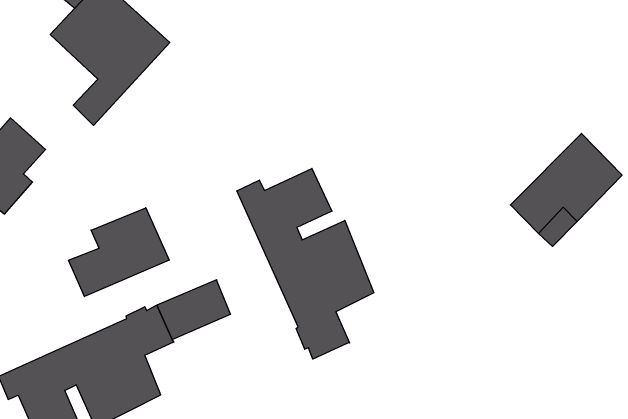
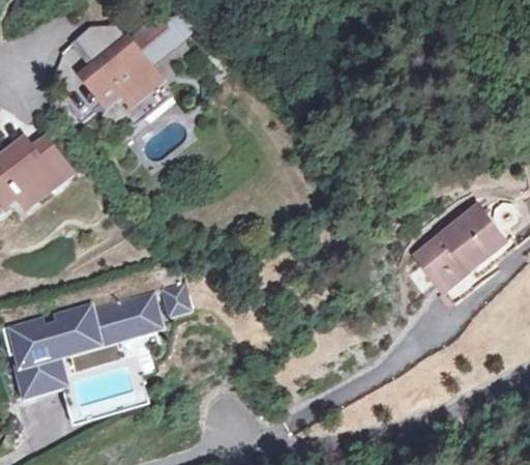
building: [237,168,374,359] -> none
building: [68,208,169,297] -> none

